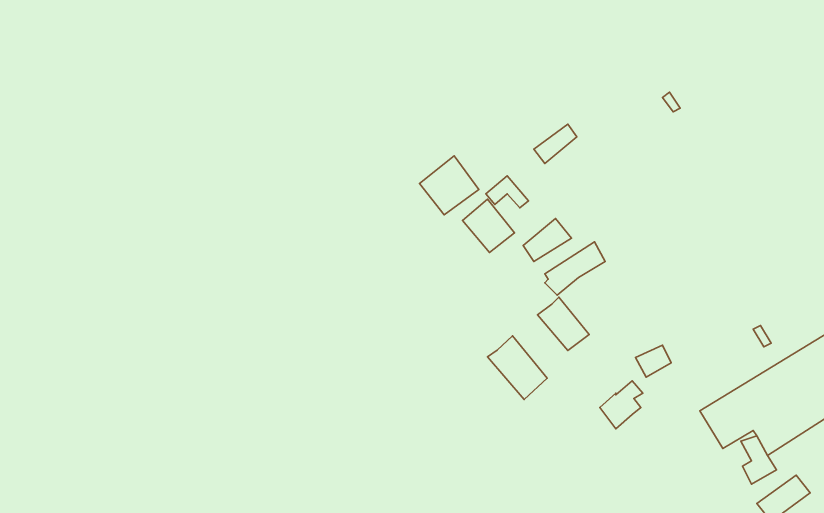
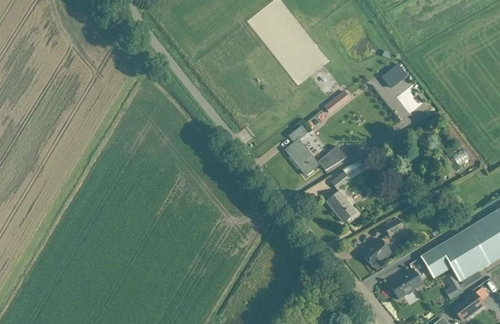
building: [419,156,479,215] -> none
building: [487,336,547,399] -> none
building: none -> [389,267,423,298]

